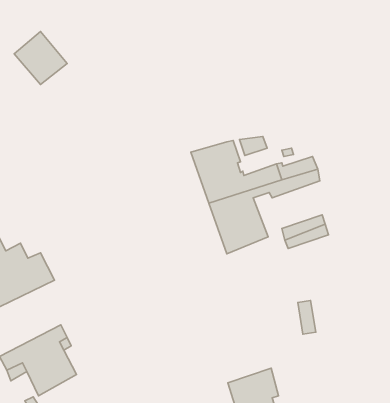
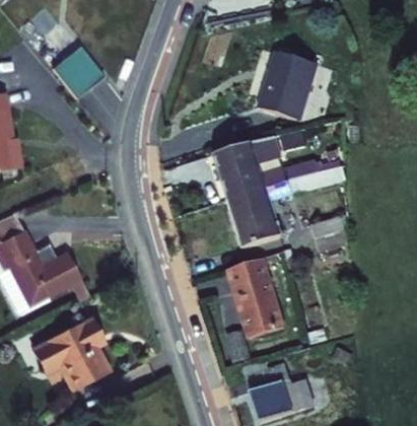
building: none -> [255,58,319,129]
building: none -> [229,262,286,342]

